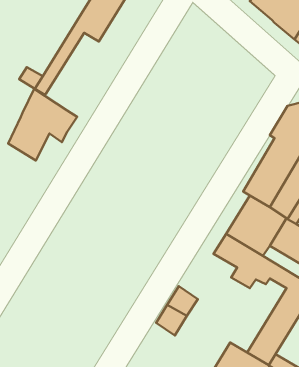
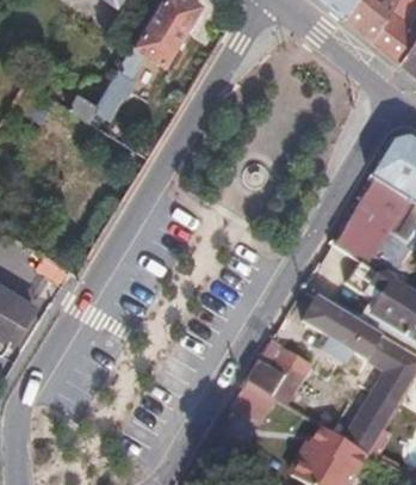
building: [8,89,77,161] -> none
building: none -> [260,340,309,405]

